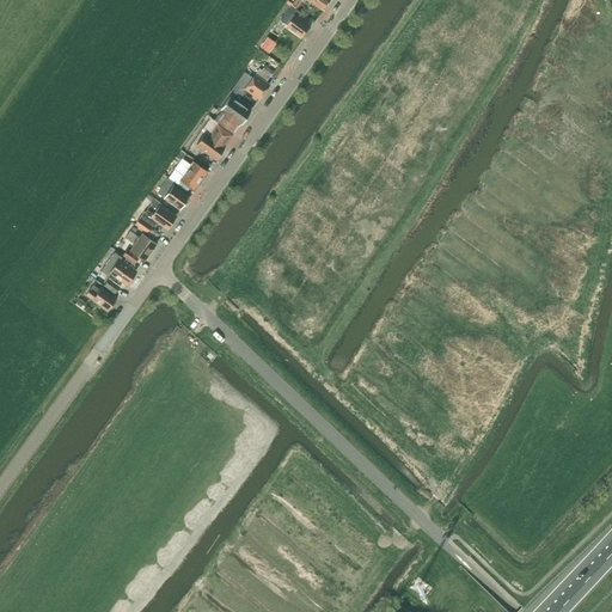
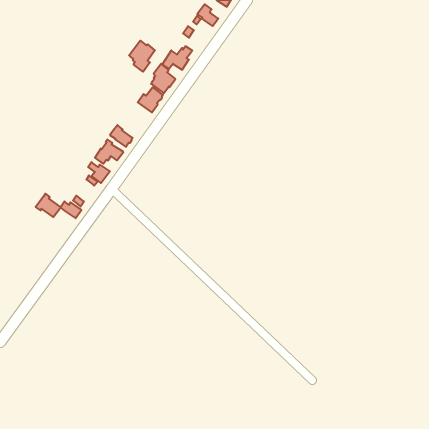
building: none -> [129,41,155,72]
building: [169,161,207,192] -> none
building: [100,252,136,286] -> [36,194,61,217]

